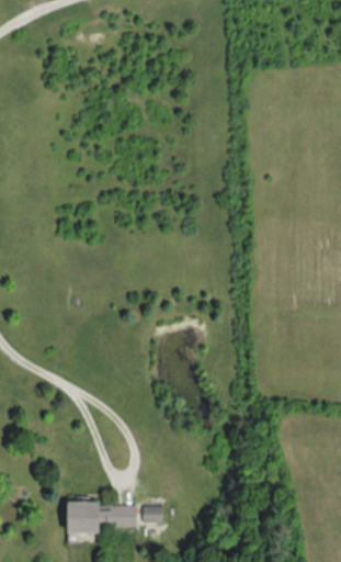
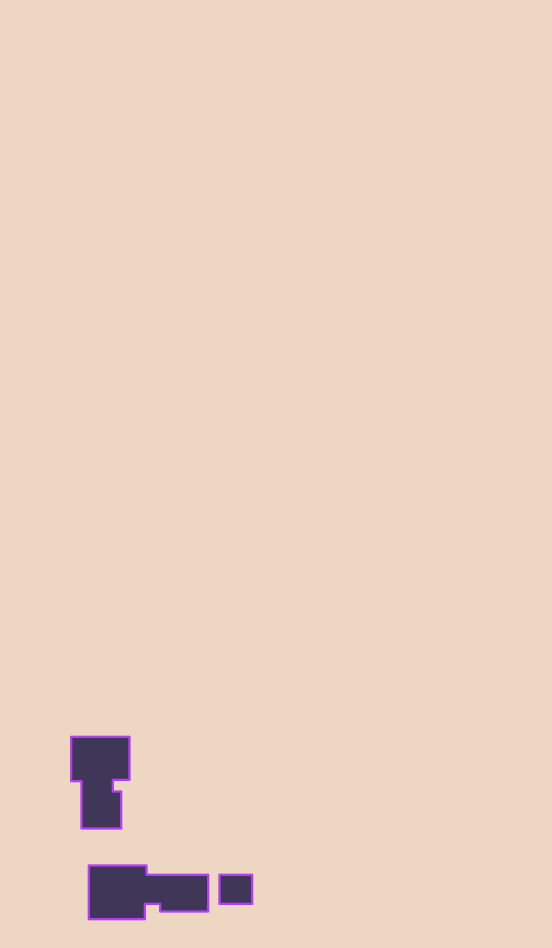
building: none -> [71,737,130,829]

